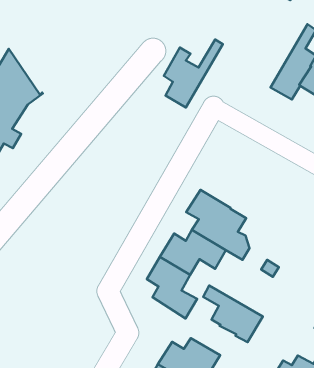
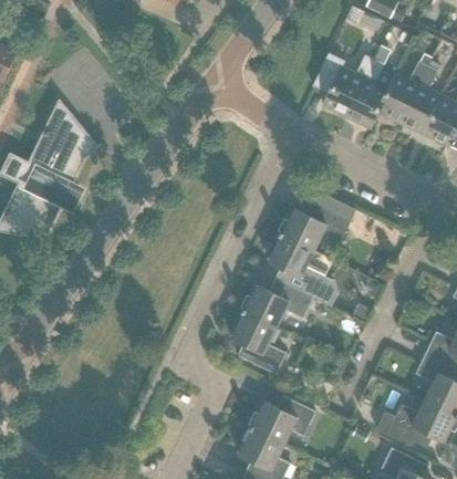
building: [164,39,223,107] -> [319,41,380,117]
building: none -> [279,191,355,251]
building: [203,285,263,342] -> none

